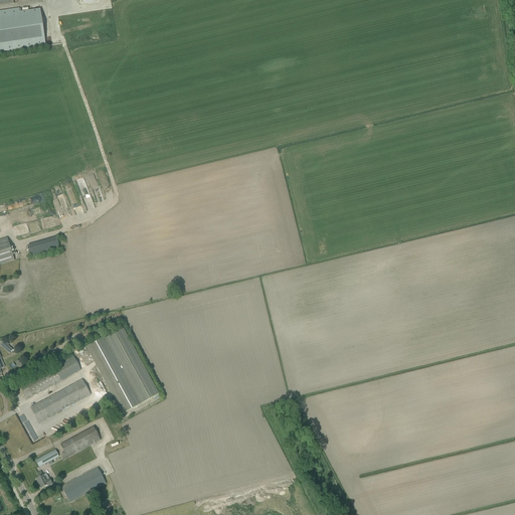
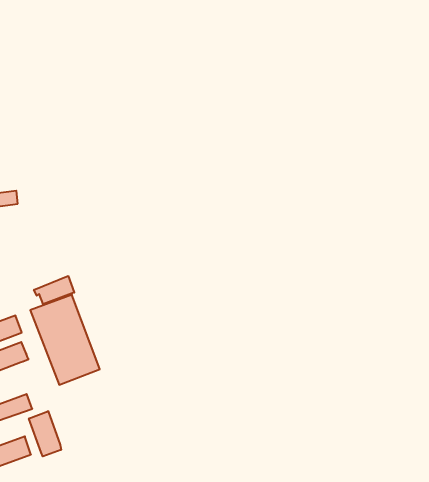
building: none -> [34,276,74,304]
building: none -> [29,411,61,456]

